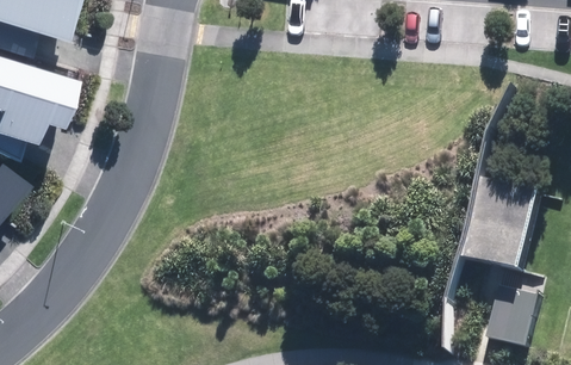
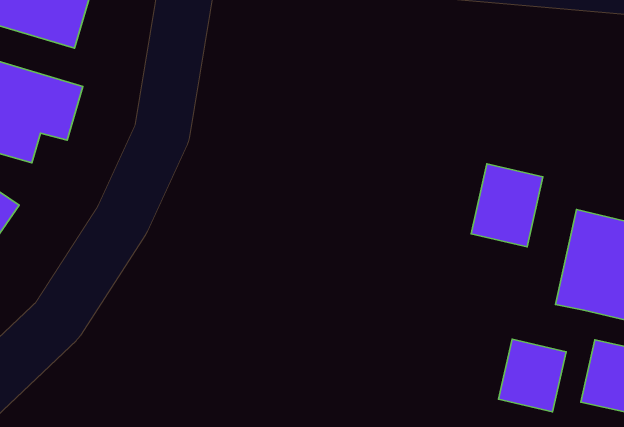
building: none -> [471,164,543,247]
building: none -> [498,339,566,412]

